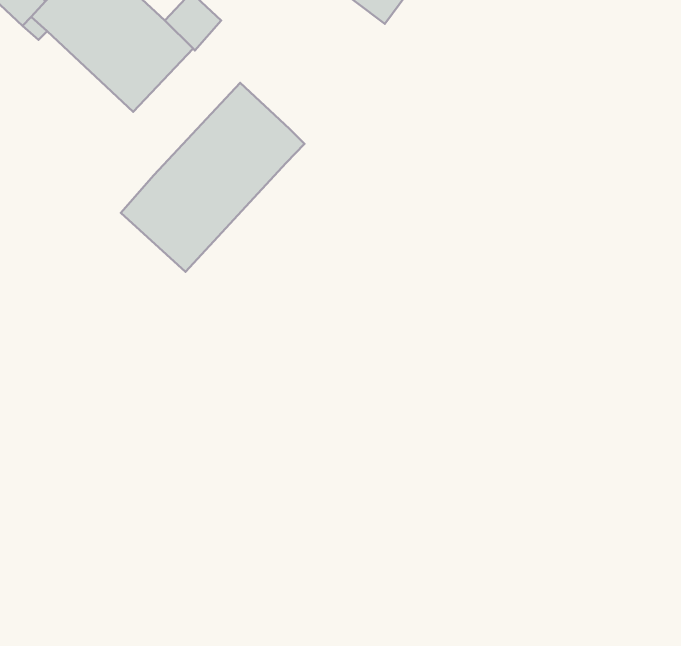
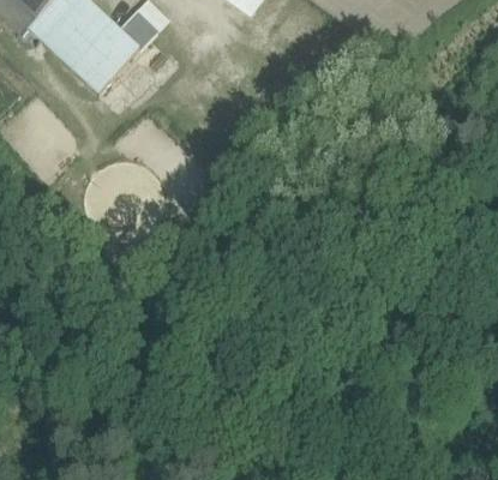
building: [121,83,305,272] -> none

